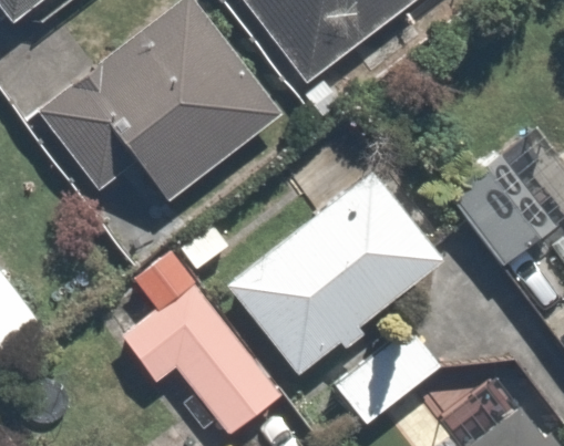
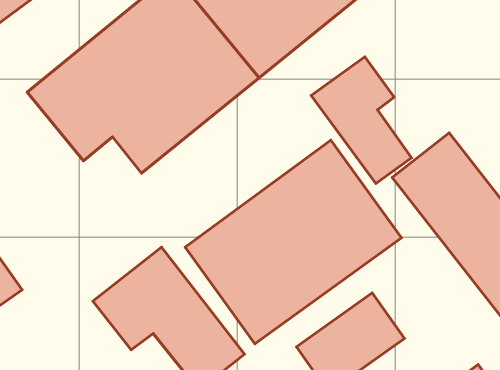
building: none -> [311,57,412,183]

